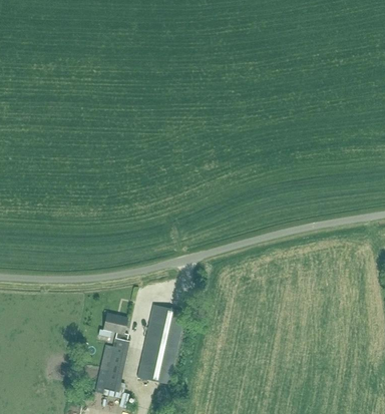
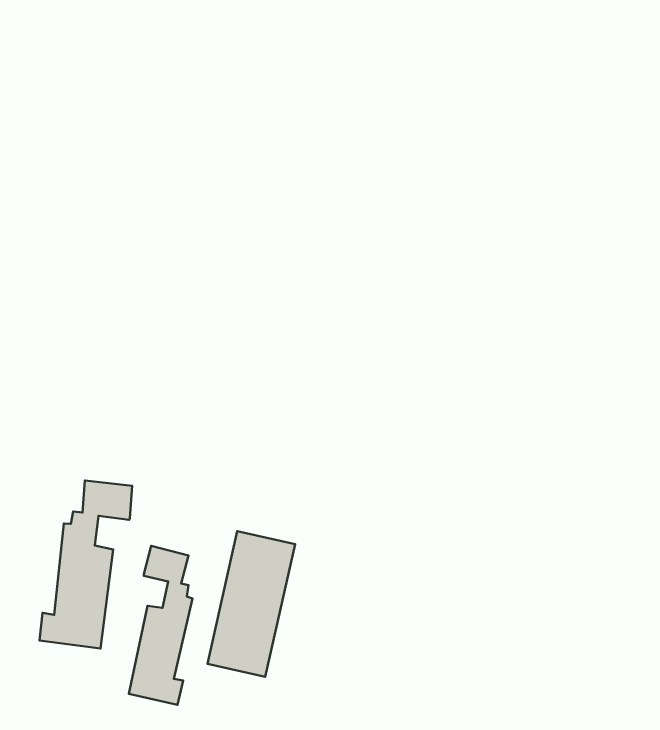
building: none -> [39,480,132,649]

